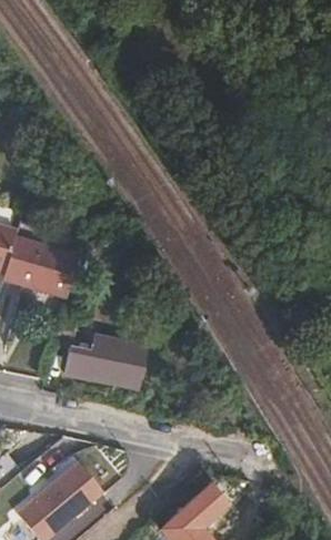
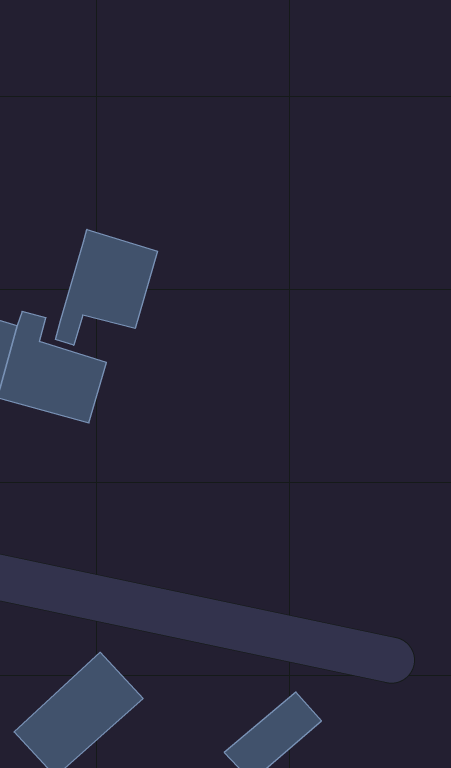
building: none -> [56,229,157,345]
building: [58,309,149,389] -> none

